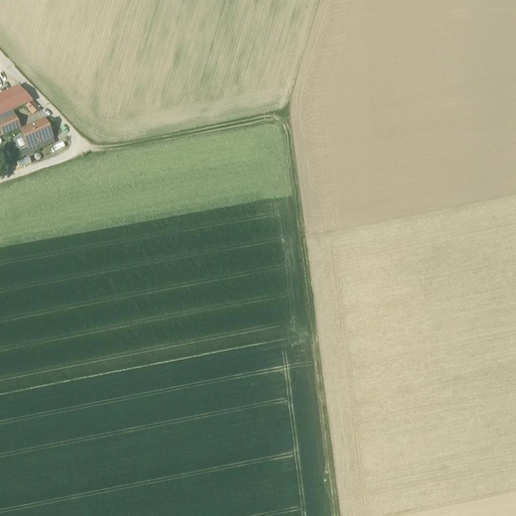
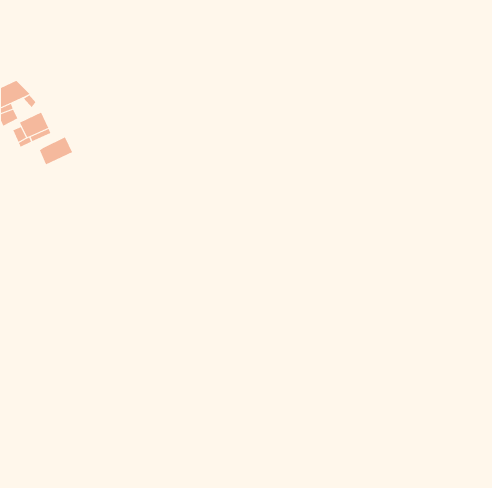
building: none -> [39,137,73,165]

